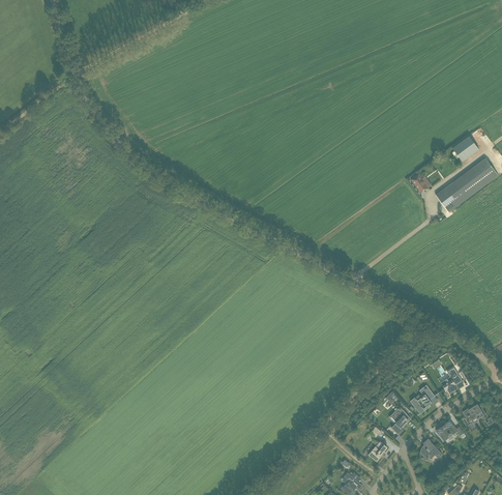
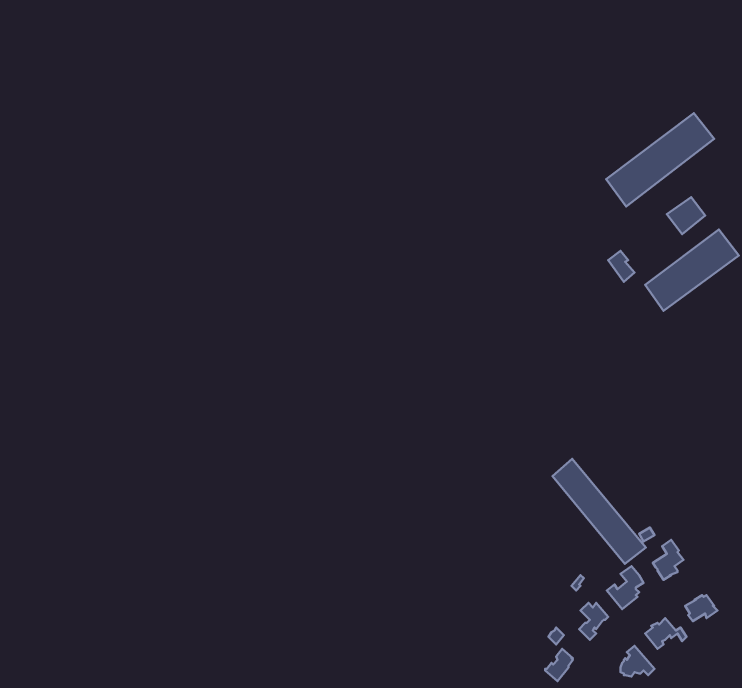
building: none -> [606,113,714,206]
building: none -> [553,459,646,564]

